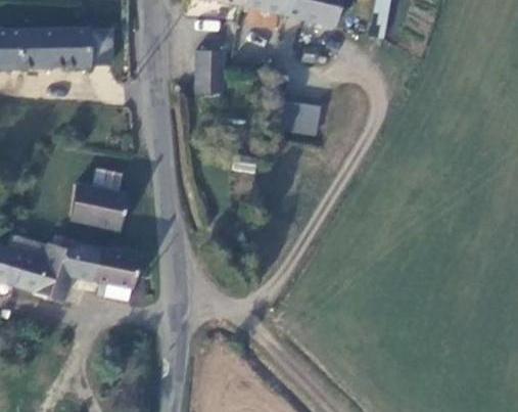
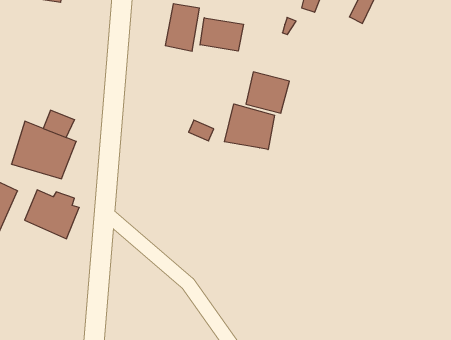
building: none -> [200,18,243,51]
building: none -> [224,104,274,150]

